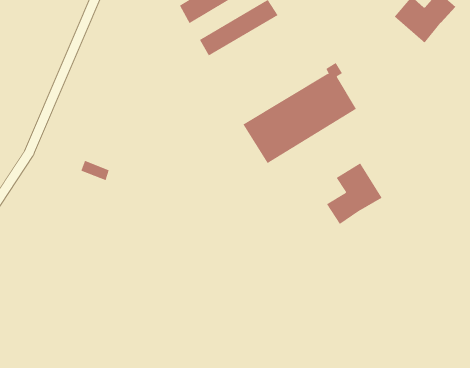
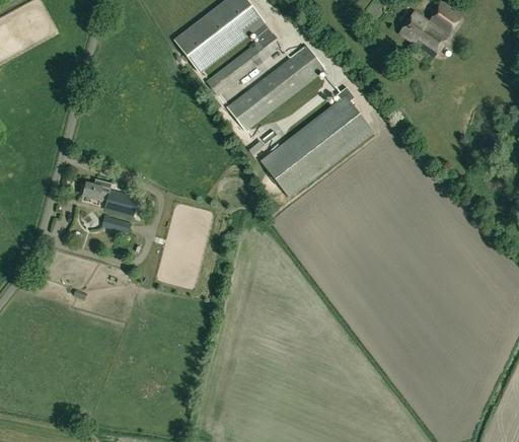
building: none -> [226,44,325,131]
building: none -> [83,178,138,216]
building: [326,163,382,225] -> none

